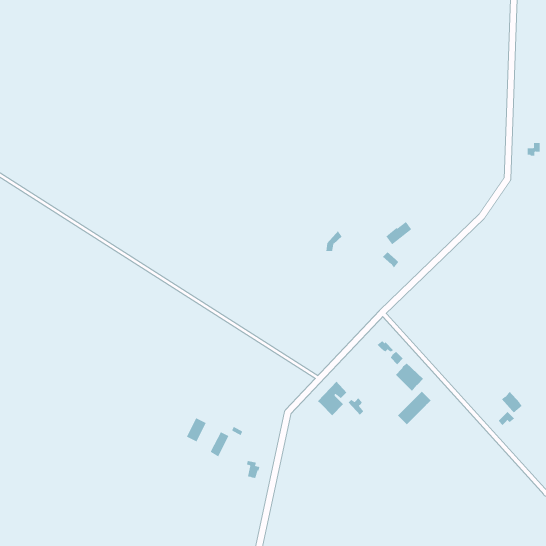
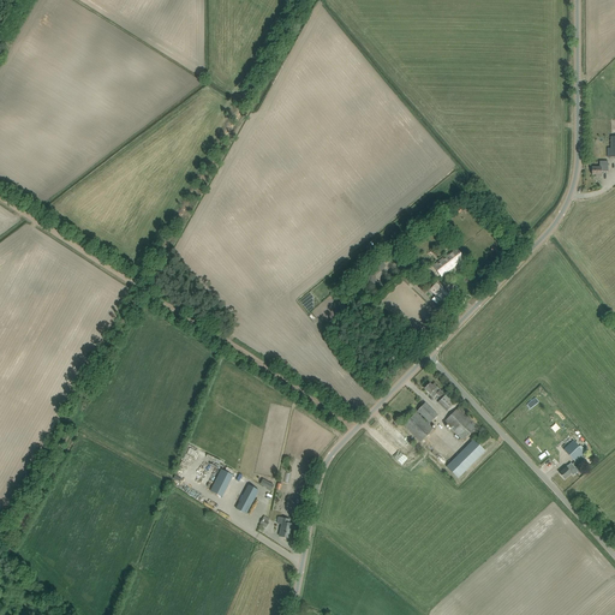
building: [317,381,347,416] -> [402,401,436,441]

